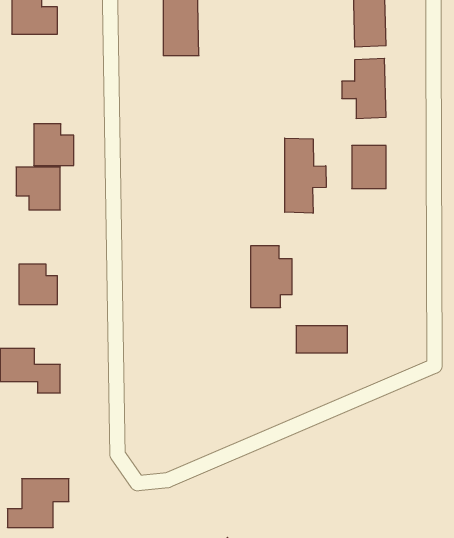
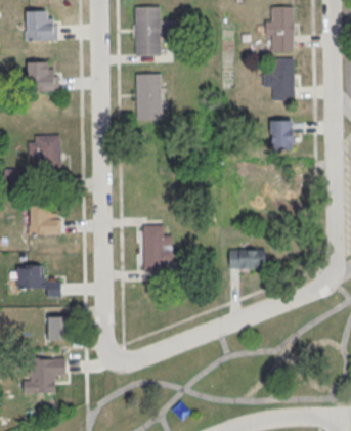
building: none -> [134,75,160,121]
building: [34,124,74,165] -> [29,62,57,92]
building: [285,138,326,213] -> none
building: [251,246,292,307] -> [142,226,172,270]
building: none -> [48,317,68,340]

